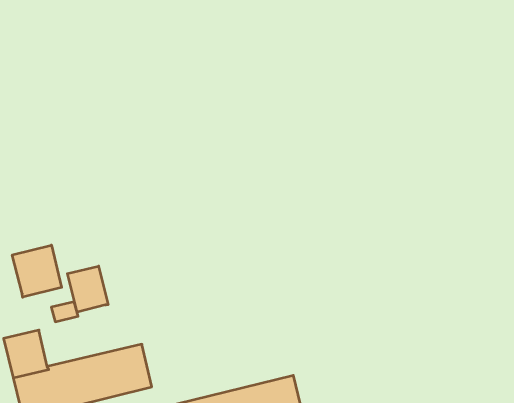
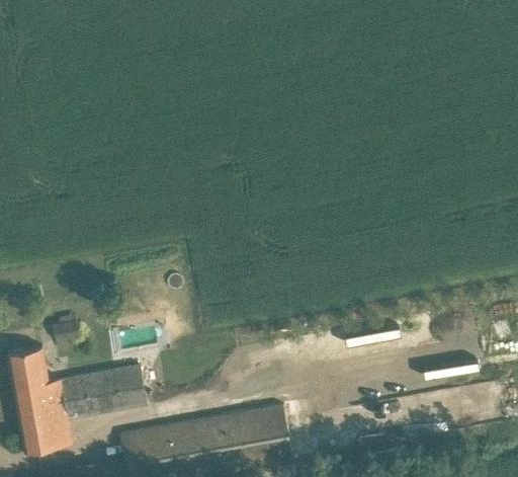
building: [12,245,62,297] -> none
building: [67,266,108,312] -> none

